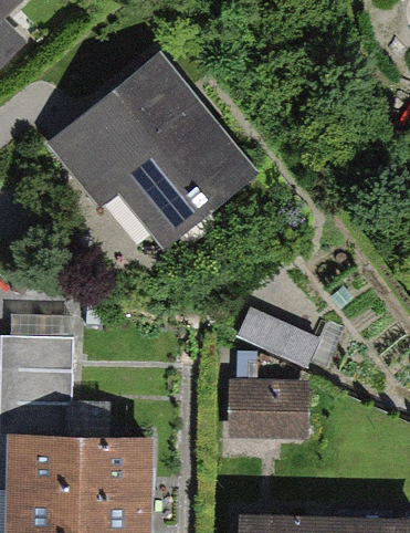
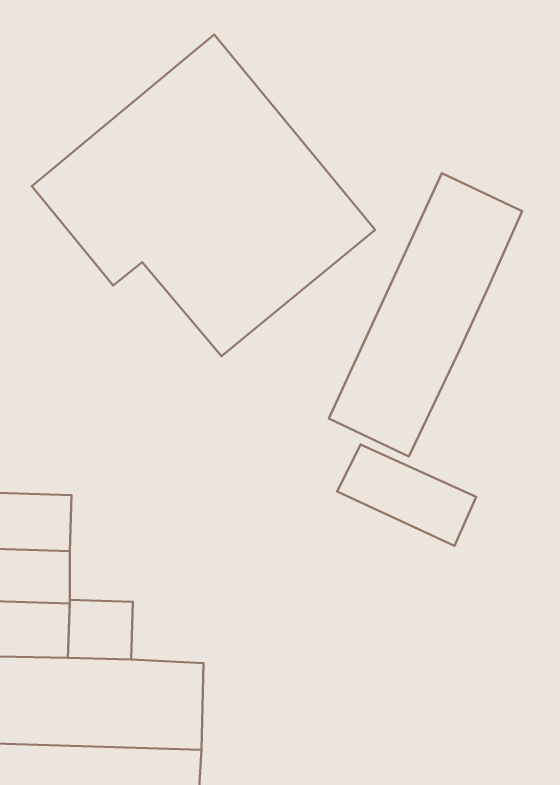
building: none -> [329,173,522,456]
building: [228,378,311,440] -> none

